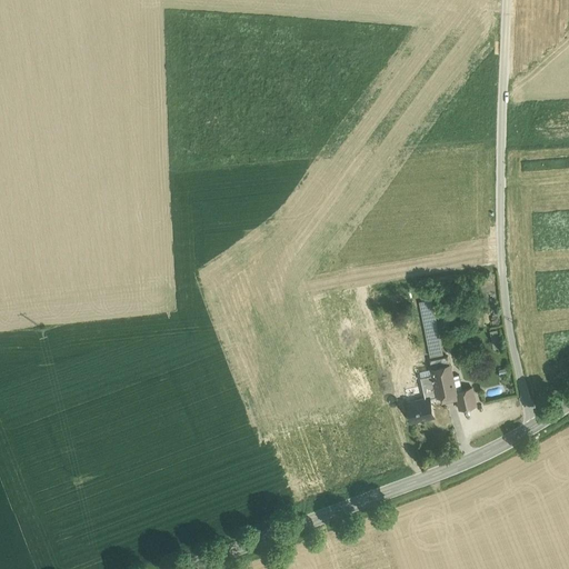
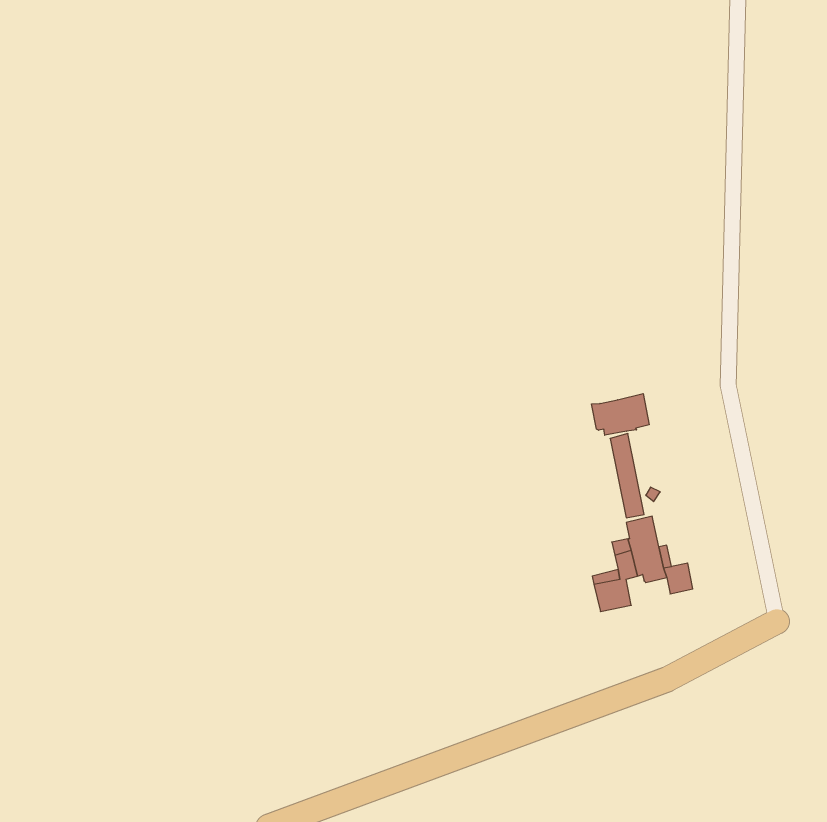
building: none -> [592,394,649,435]

